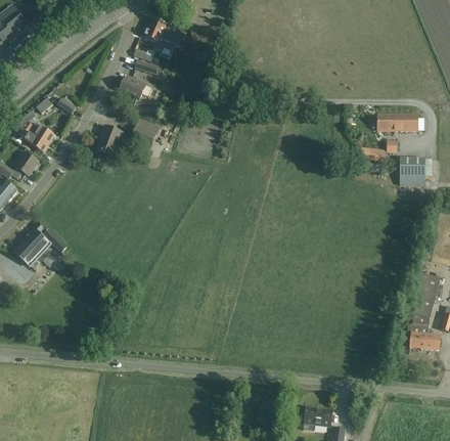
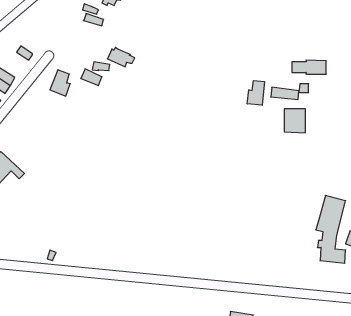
building: [120,76,151,98] -> [107,47,135,67]
building: none -> [247,81,264,105]
building: [400,158,424,185] -> [284,109,305,133]

